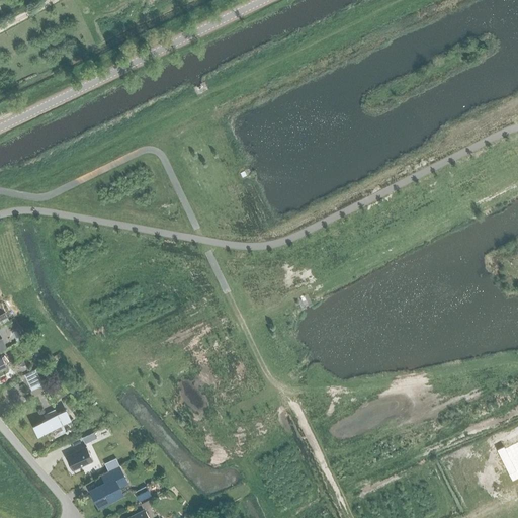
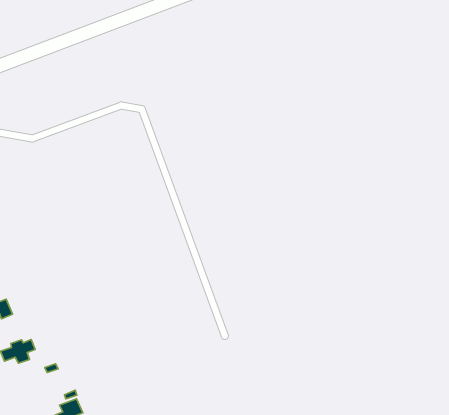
building: [66,447,93,471] -> none

